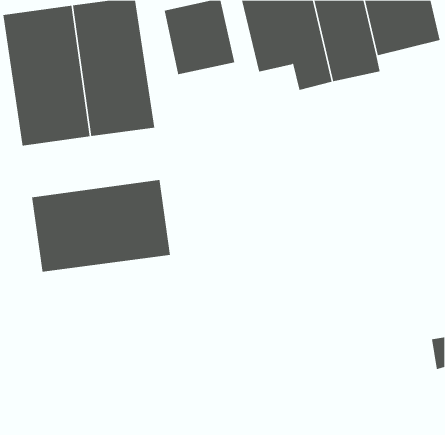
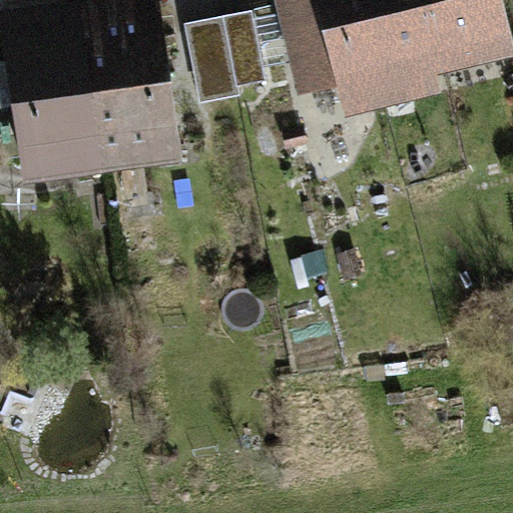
building: [32,179,170,273] -> none

